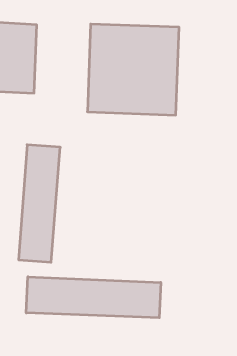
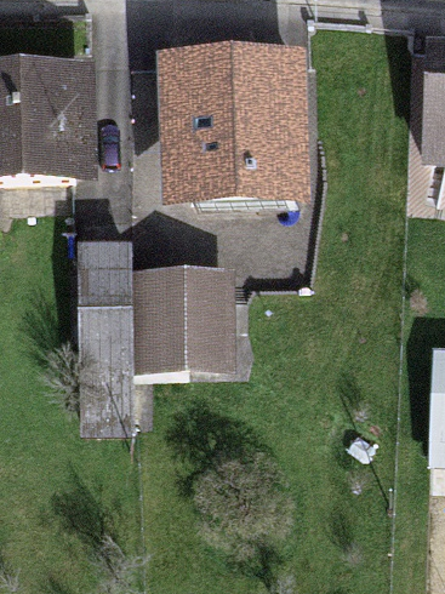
building: none -> [142,273,224,365]
building: [26,277,161,318] -> none

